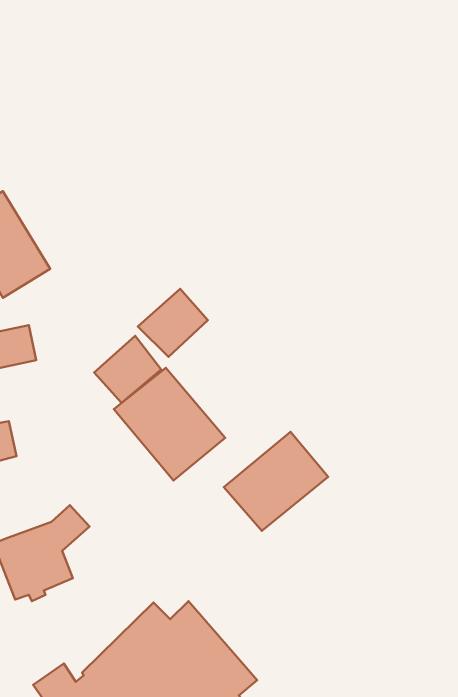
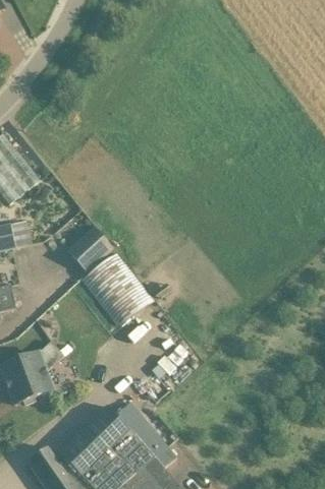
building: [138,289,208,357] -> none
building: [224,432,328,531] -> none

